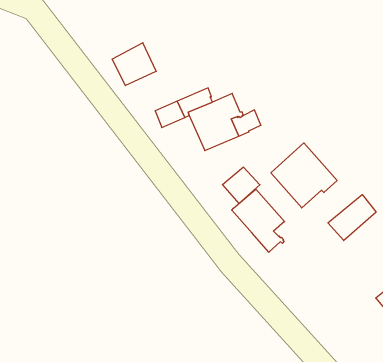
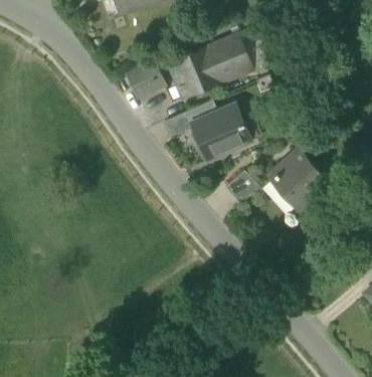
building: none -> [169,26,264,98]
building: [232,189,285,252] -> none
building: [328,195,376,241] -> none

